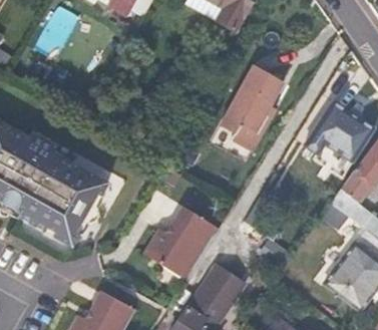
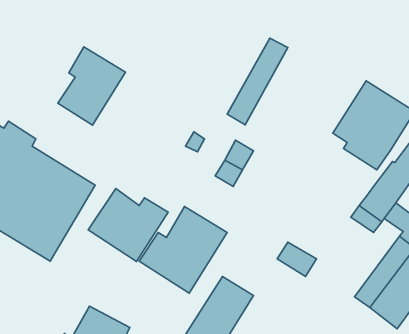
building: none -> [58,47,126,125]
building: [233,71,285,147] -> none
building: none -> [88,188,168,262]

